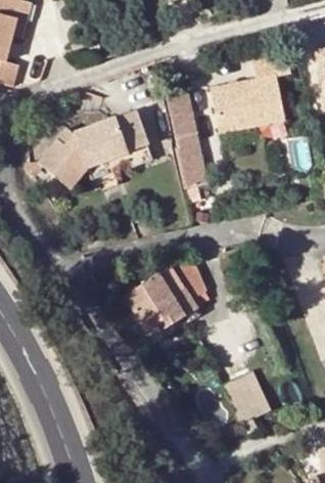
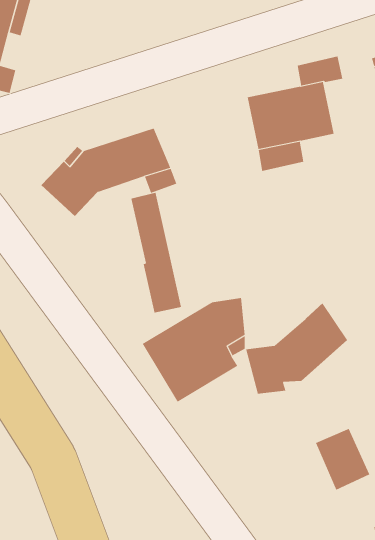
building: [164,89,206,190] -> [131,192,182,313]
building: none -> [246,303,348,395]
building: [228,367,274,420] -> [315,428,370,490]

